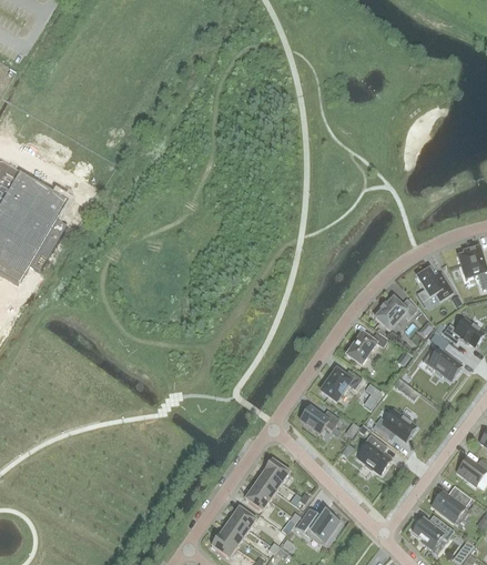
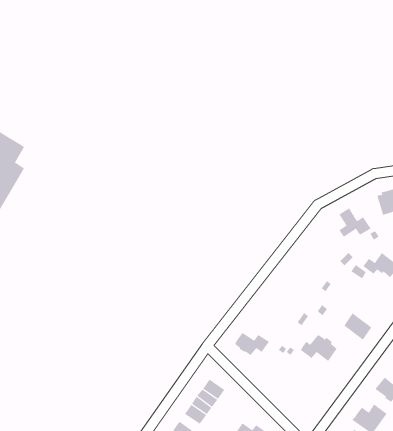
building: [374,296,416,329] -> none
building: [345,331,386,364] -> none
building: [428,347,460,379] -> [343,313,372,340]
building: [319,367,362,401] -> none
building: [357,434,390,473] -> none

